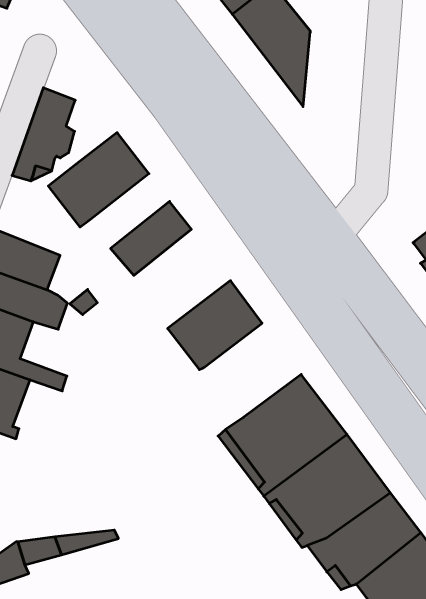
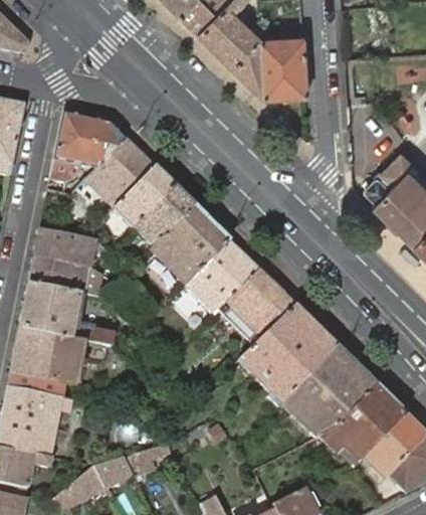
building: none -> [262,36,308,97]
building: none -> [83,118,125,167]
building: none -> [113,166,173,228]
building: none -> [150,204,229,284]
building: none -> [218,269,294,344]

